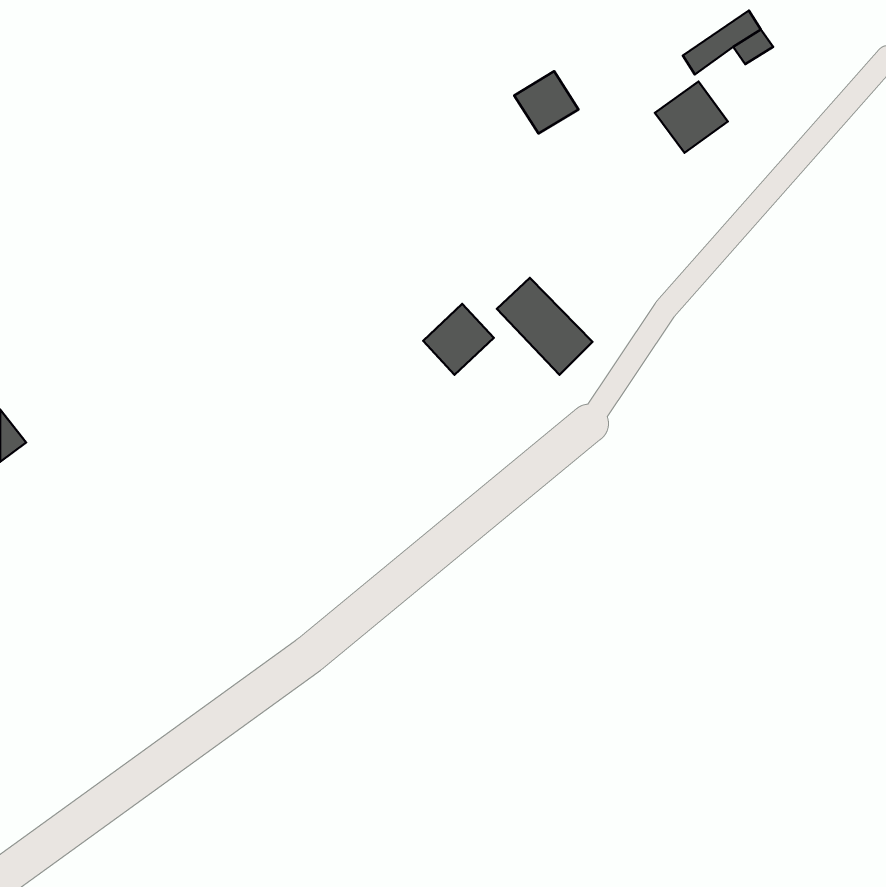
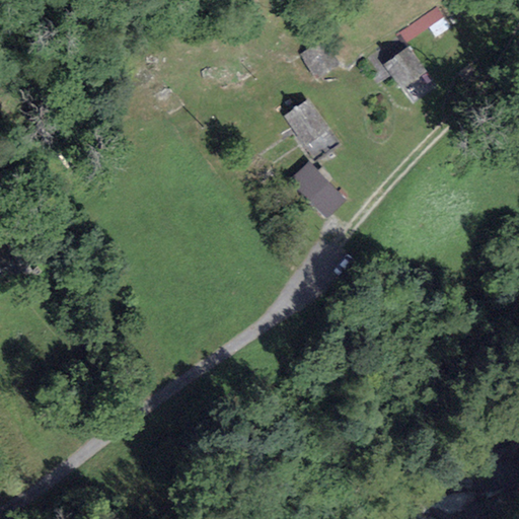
building: none -> [286,98,330,145]
building: [423,304,494,375] -> none

